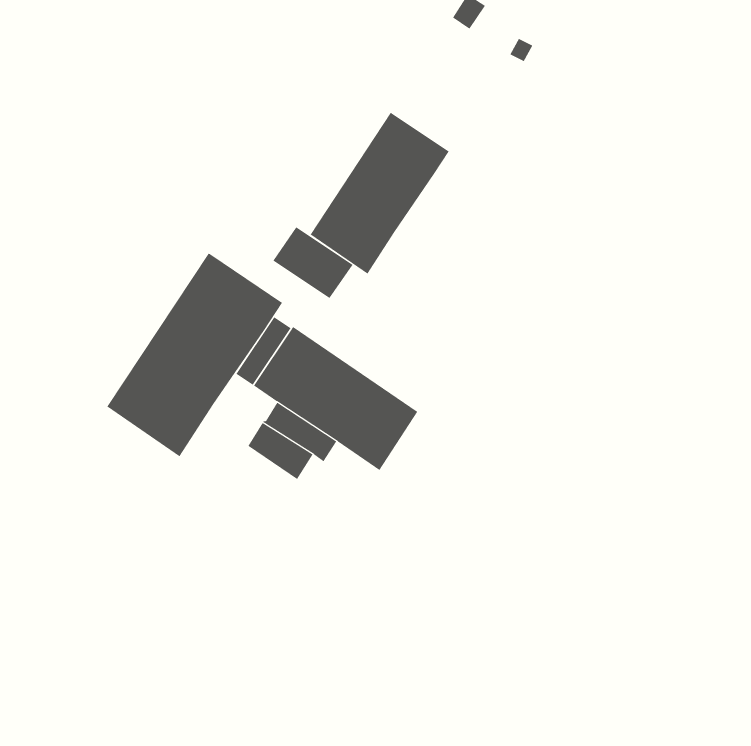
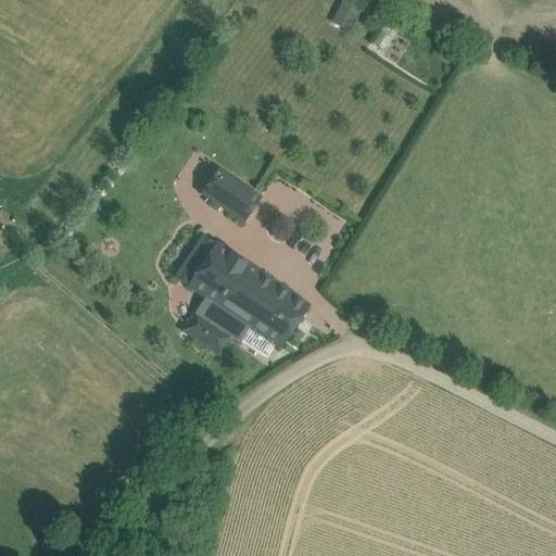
building: [310,112,449,274] -> none
building: [107,253,283,457] -> none

